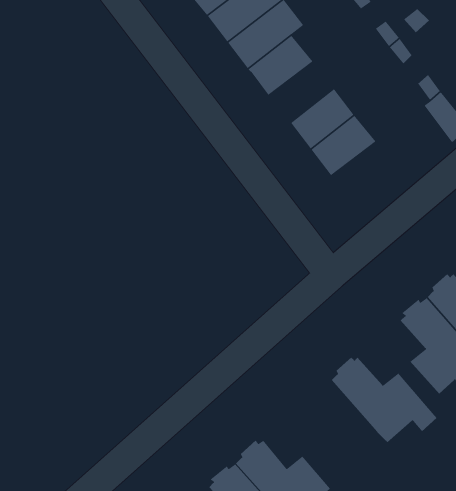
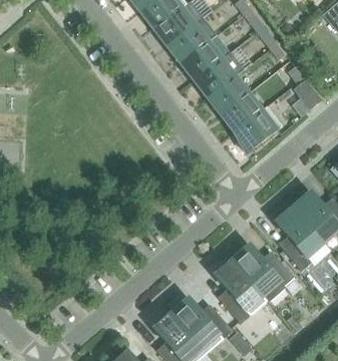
building: none -> [193,51,243,96]
building: none -> [233,105,282,153]
building: none -> [216,261,268,323]

